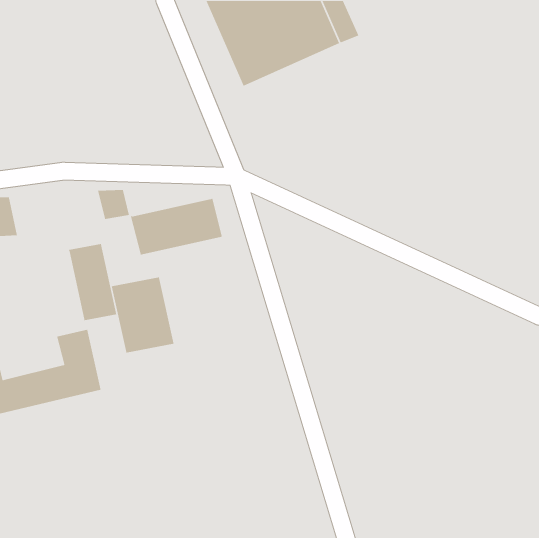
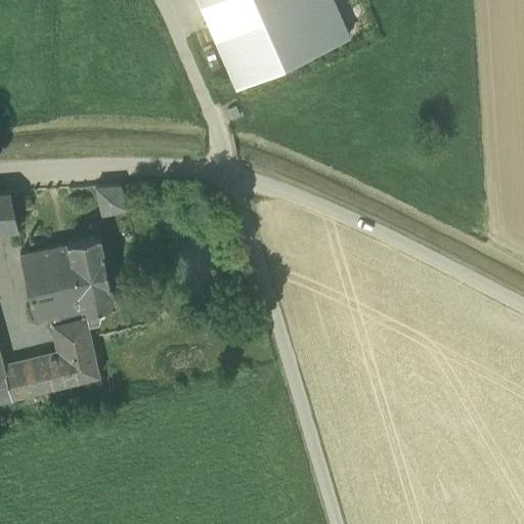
building: [130,197,223,255] -> none
building: [111,276,174,354] -> [19,246,81,320]

